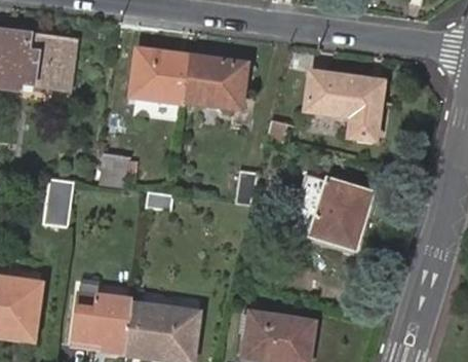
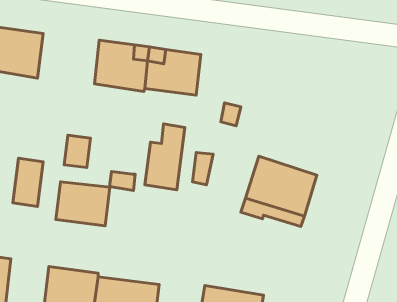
building: [304,73,384,142] -> none
building: none -> [145,124,185,190]
building: none -> [56,182,110,226]

